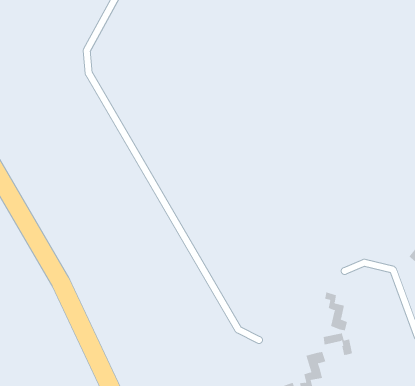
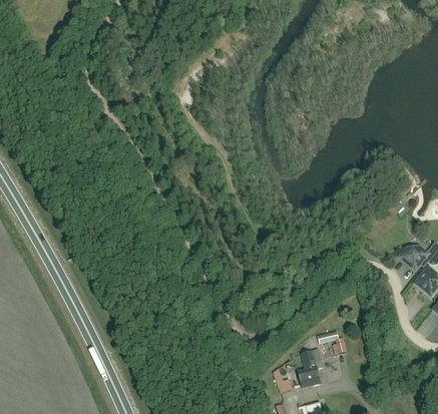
building: [325,291,347,331] -> none

